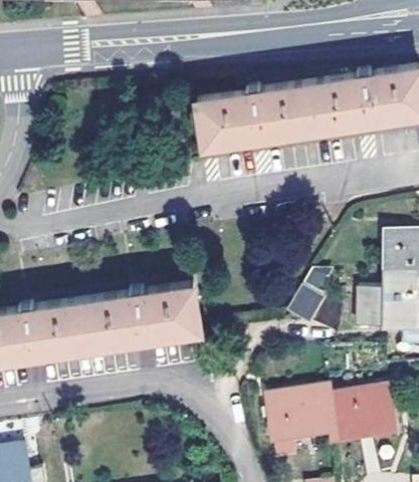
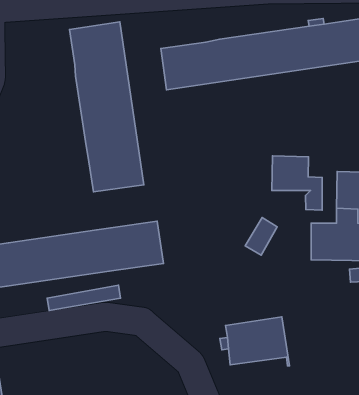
building: none -> [69,22,144,192]
building: none -> [272,156,322,210]
building: [329,388,396,440] -> none

